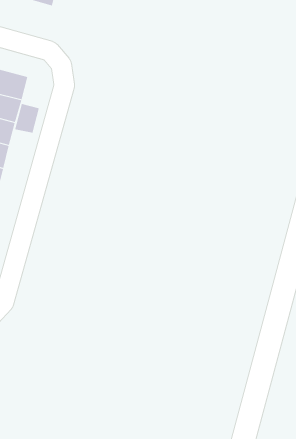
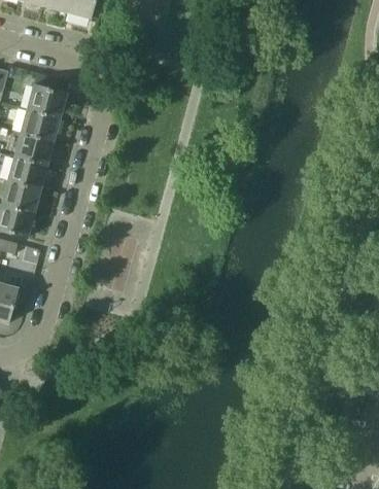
building: [14,103,39,134] -> none

